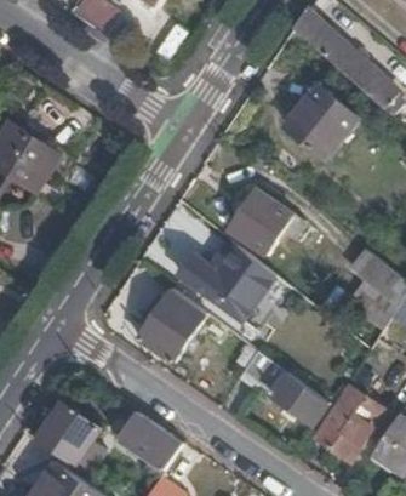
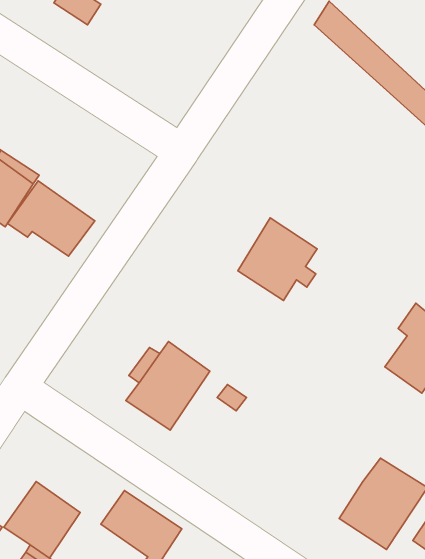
building: [285,86,356,160] -> none
building: none -> [7,181,95,256]
building: [177,243,271,317] -> none
building: [240,350,330,423] -> none

